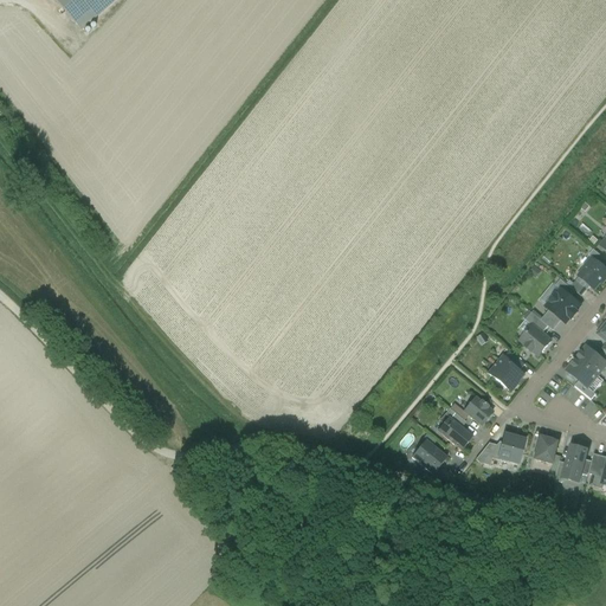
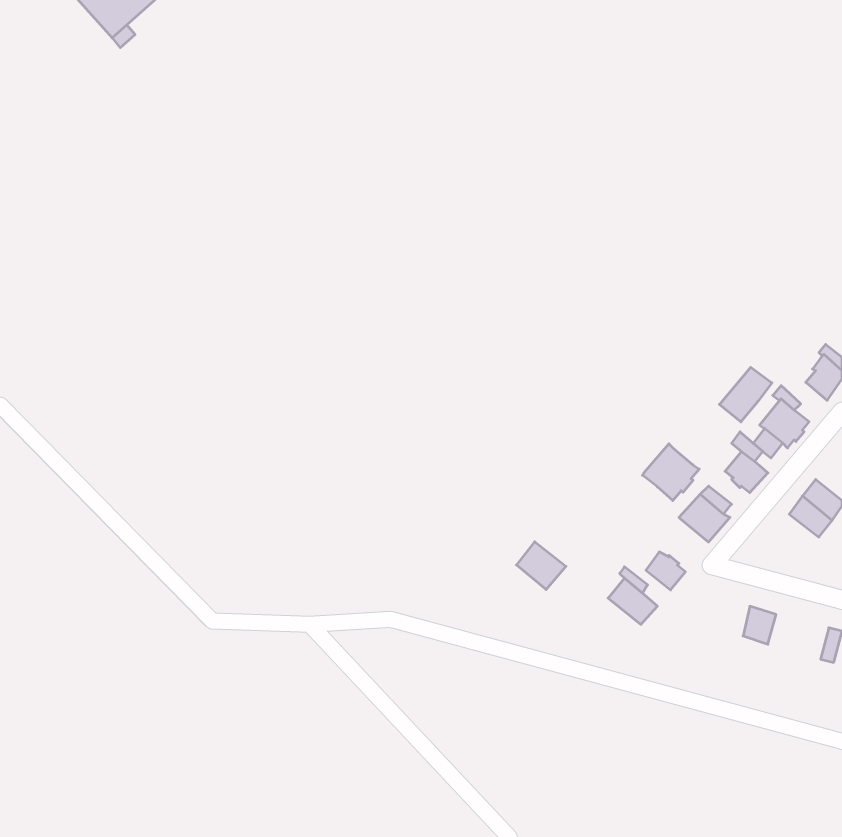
building: none -> [719,367,772,422]
building: none -> [642,444,699,501]
building: [495,436,523,466] -> none
building: [411,439,446,473] -> [516,542,566,590]
building: [556,441,591,488] -> none

